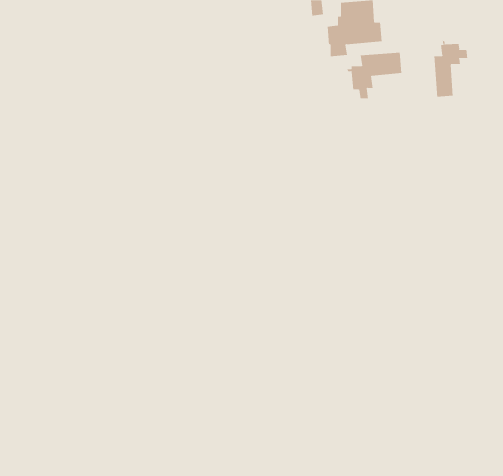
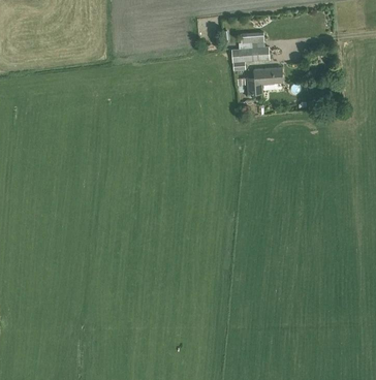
building: [434,40,468,97] -> none

